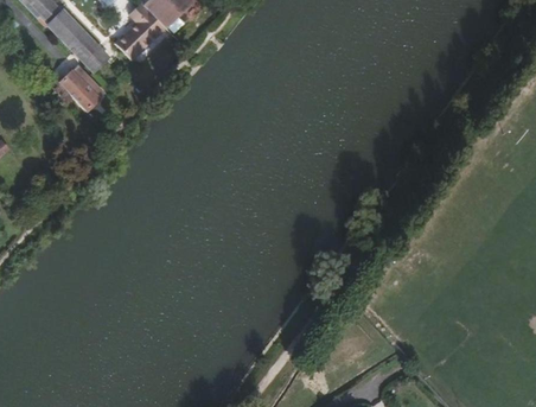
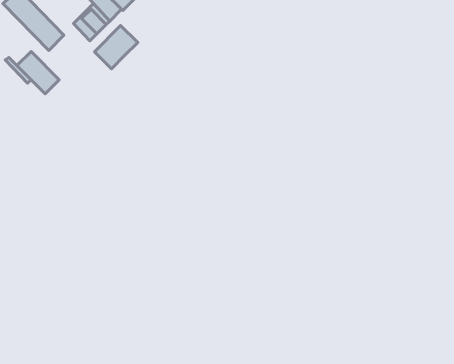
building: none -> [94,25,138,69]

